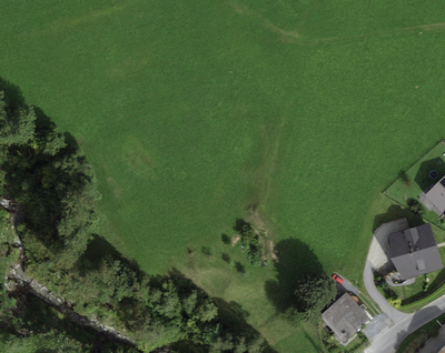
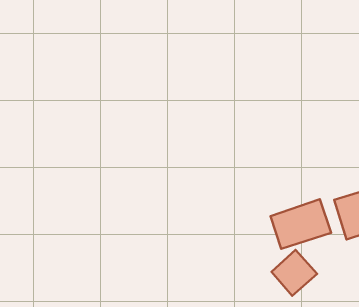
building: none -> [271,199,331,249]

